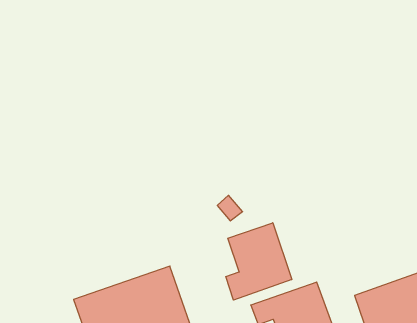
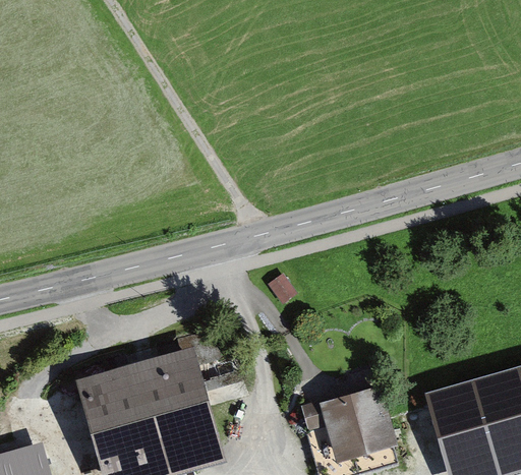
building: [226,223,292,300] -> none

